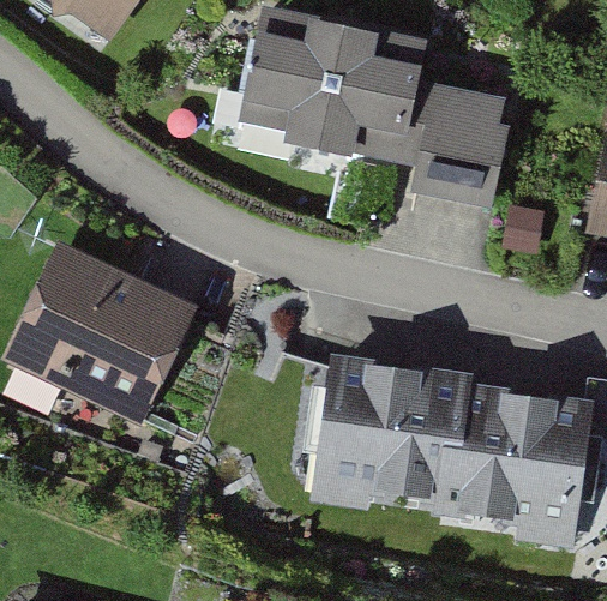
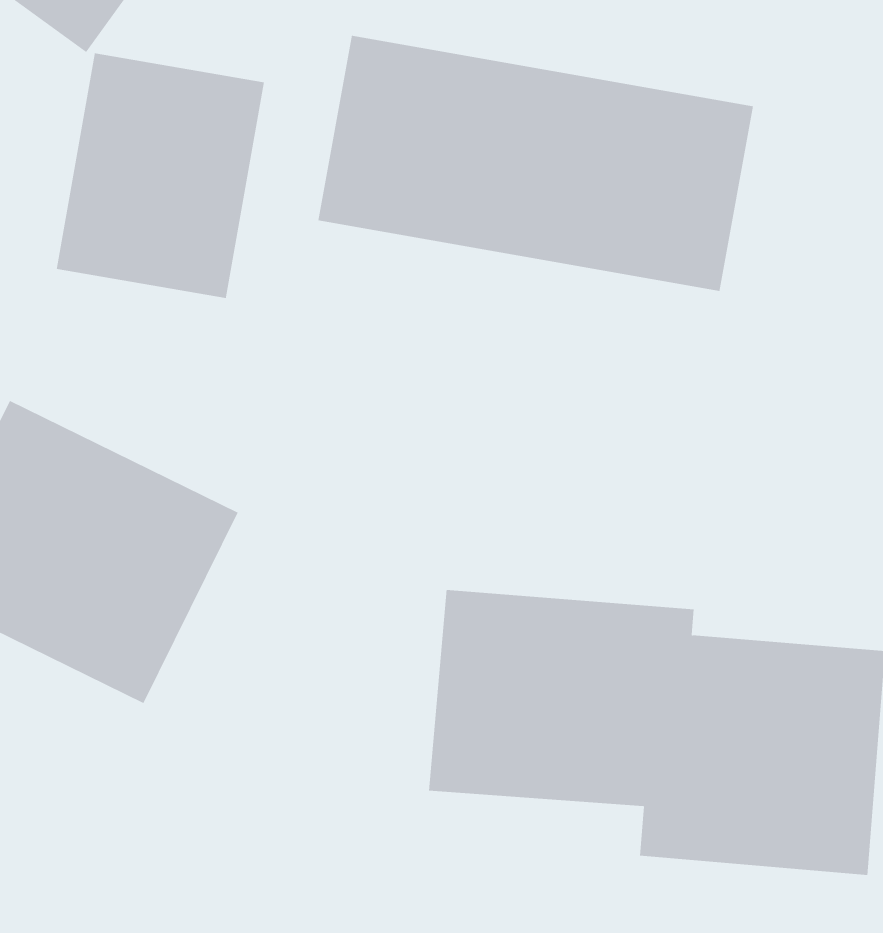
building: none -> [56,52,265,299]

